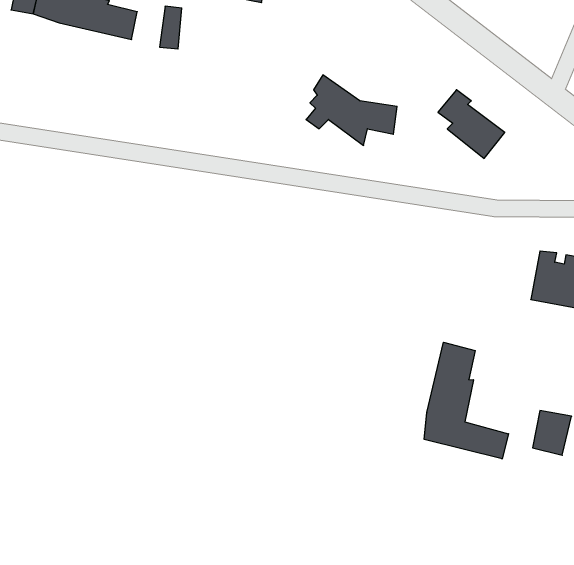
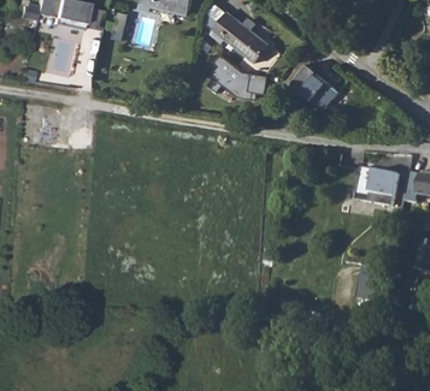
building: none -> [217,13,279,69]
building: [424,342,509,459] -> none

